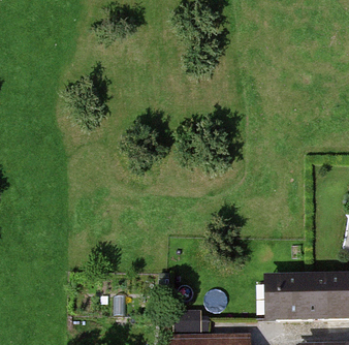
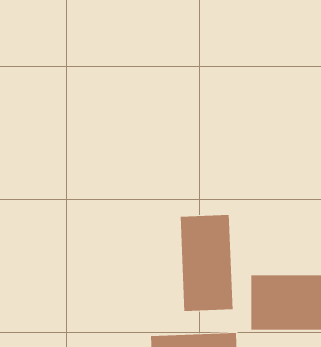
building: none -> [180,214,233,312]

